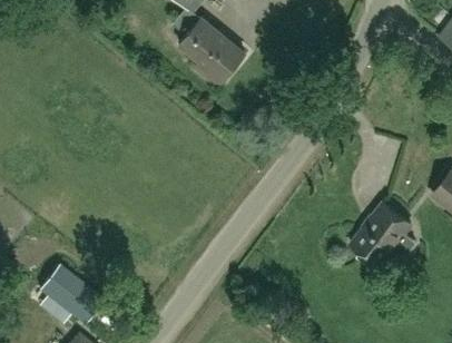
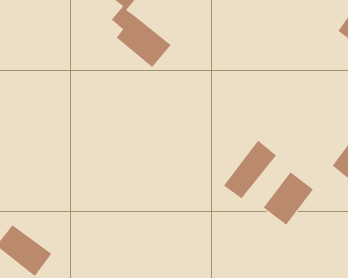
building: none -> [223,140,277,199]

